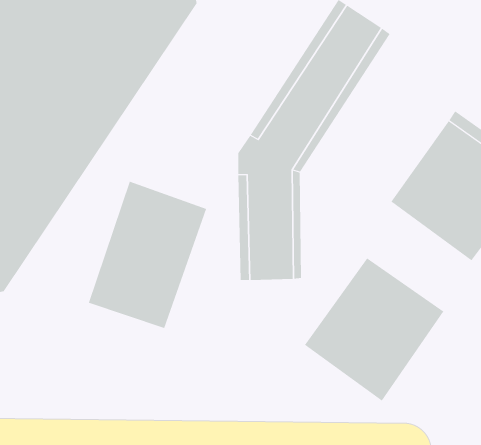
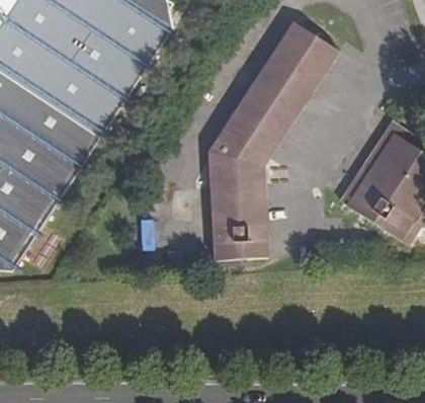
building: [88,181,207,329] -> none
building: [304,257,444,401] -> none

